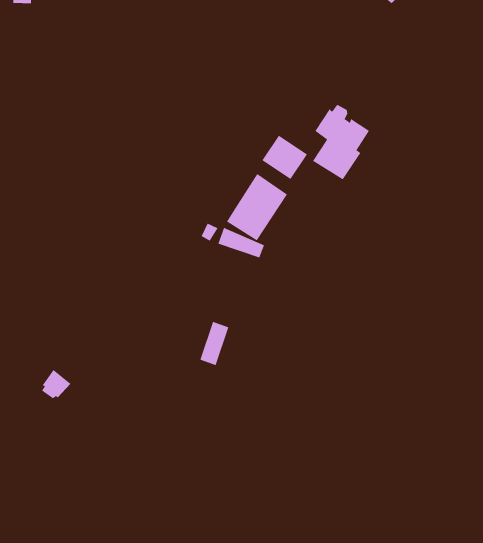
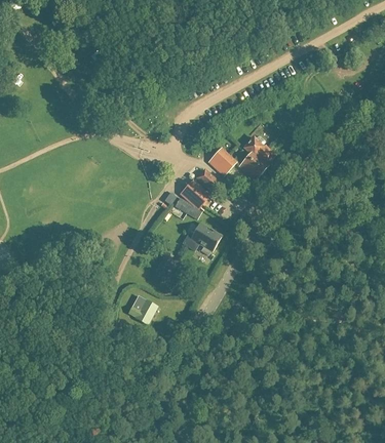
building: none -> [181,223,222,254]
building: none -> [127,294,156,323]

